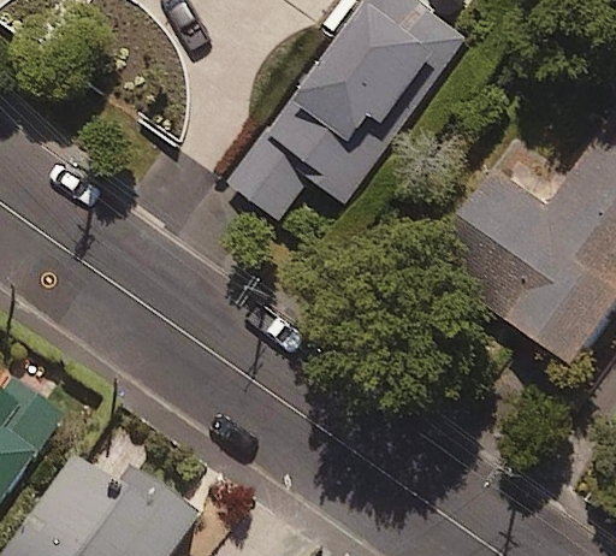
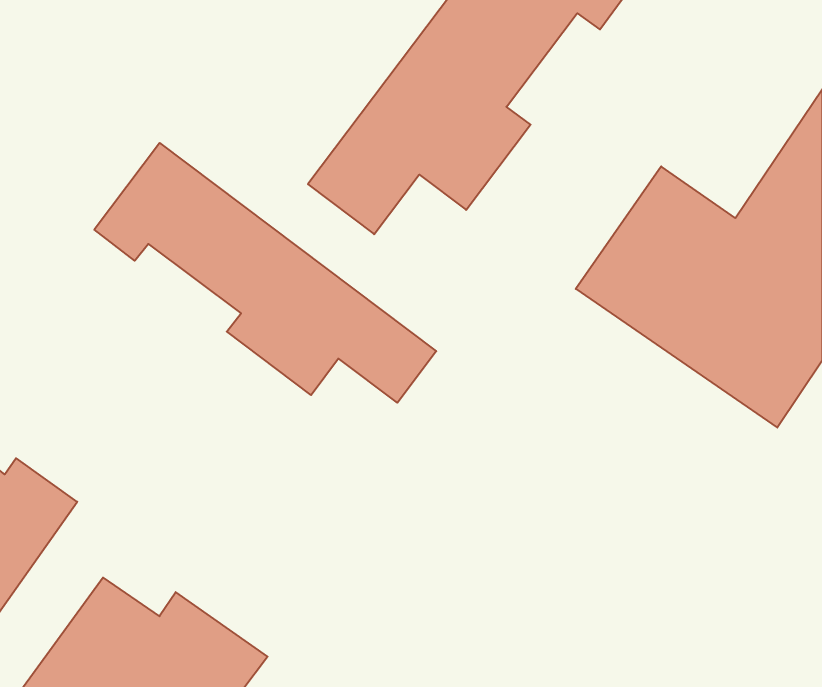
building: none -> [94,143,436,403]

